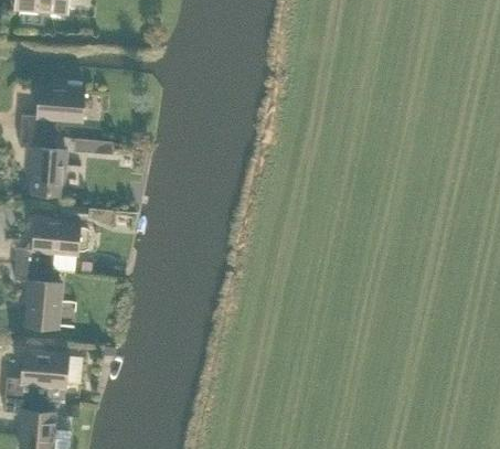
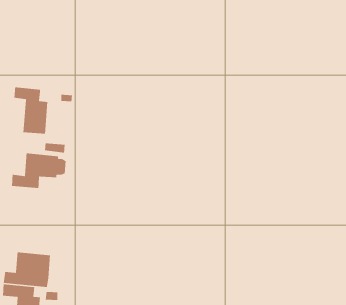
building: [20,86,84,135] -> none
building: [13,265,61,329] -> none

